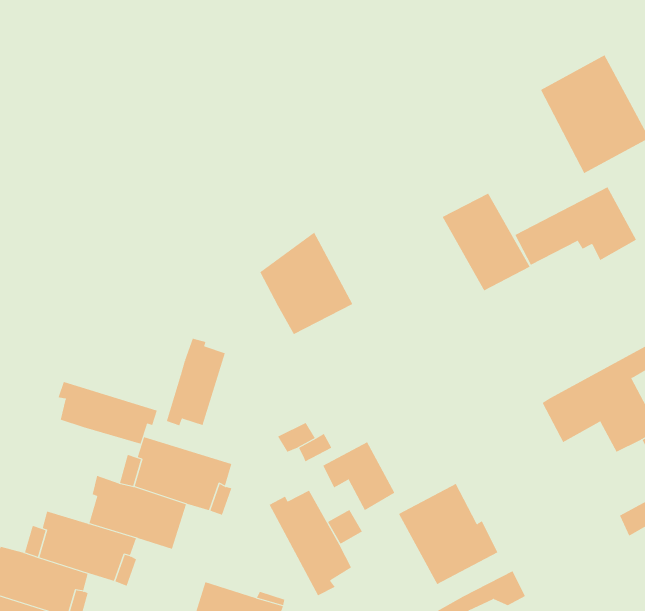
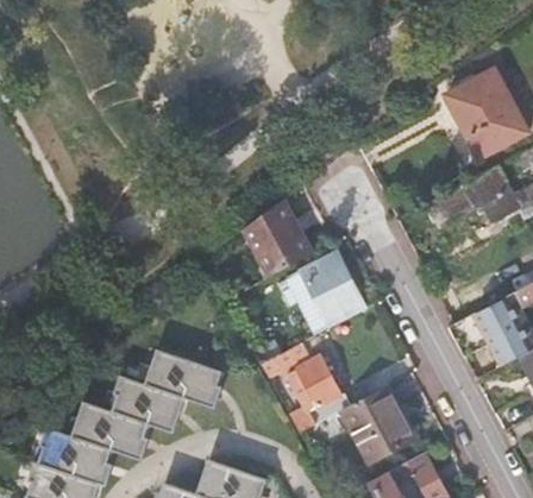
building: [442,193,531,291] -> [300,253,365,326]
building: [166,338,225,426] -> none
building: [58,381,158,445] -> none
building: [269,490,352,596] -> none

